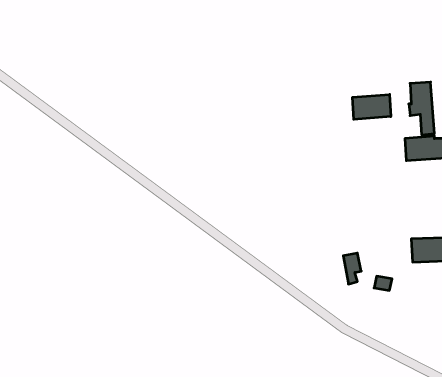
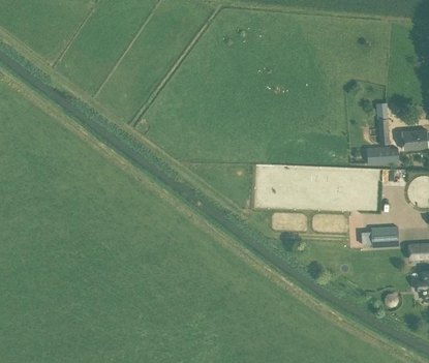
building: [353,94,391,119] -> none

